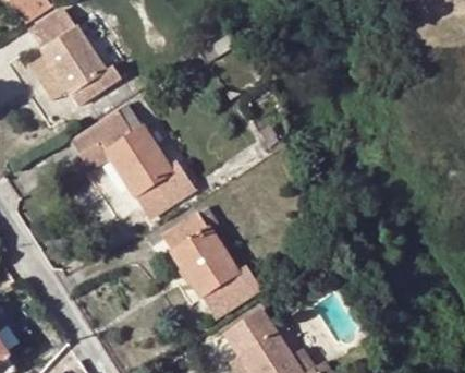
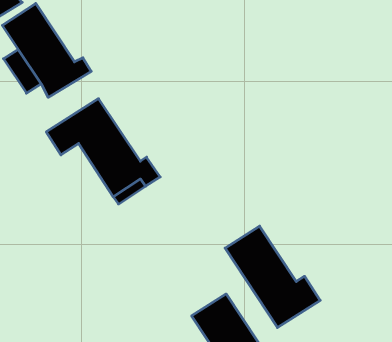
building: [161,213,260,318] -> [225,226,320,328]

